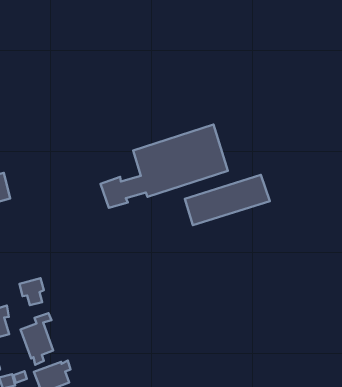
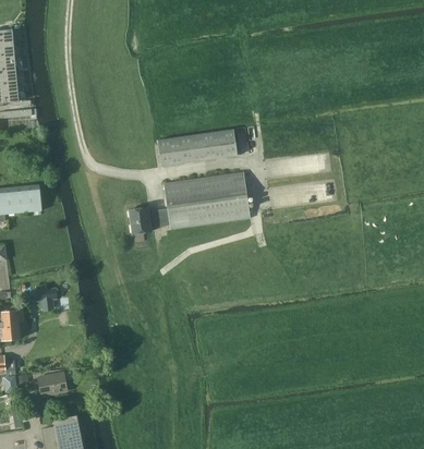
building: [185,175,270,225] -> [158,129,238,166]
building: [20,313,53,365] -> none

